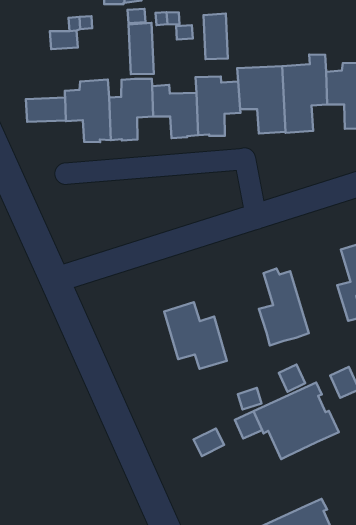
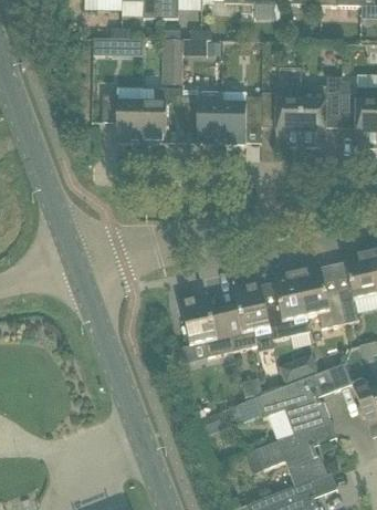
building: [203,13,228,59] -> none
building: [26,98,66,122] -> none
building: none -> [296,261,346,327]
building: none -> [224,281,275,351]
building: none -> [256,429,327,487]

